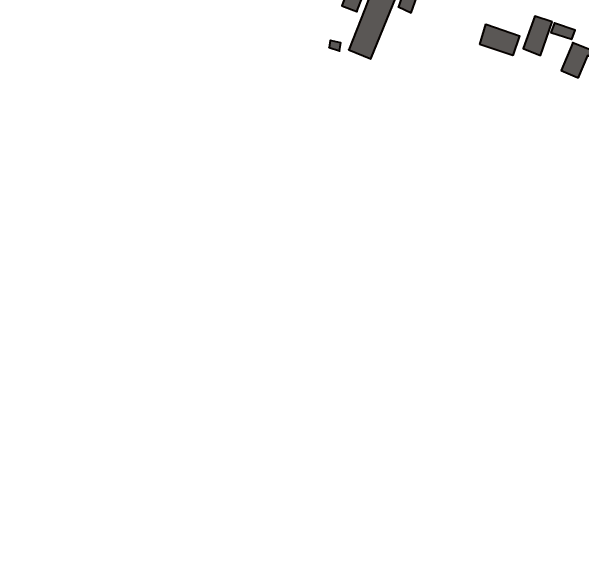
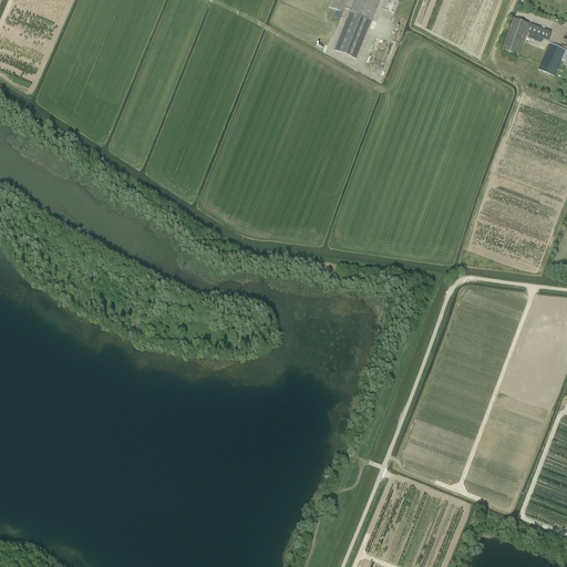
building: [480,24,520,55] -> none

